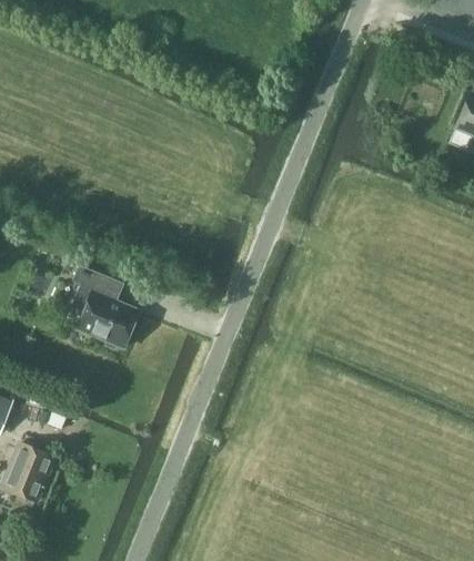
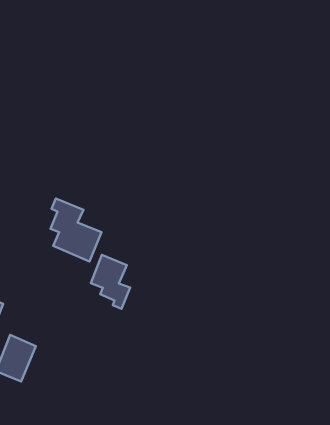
building: none -> [91,255,130,309]

